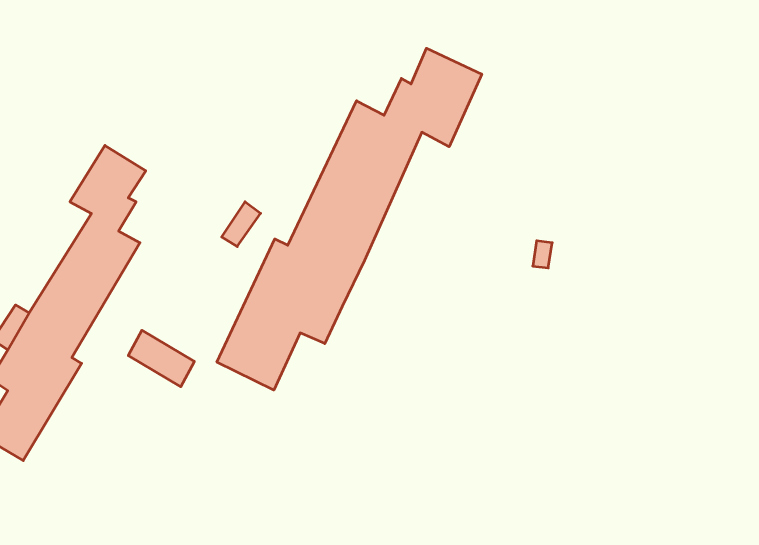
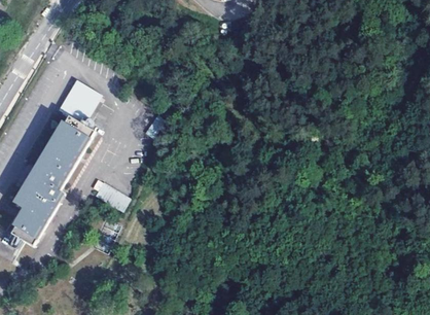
building: [217,48,482,390] -> none

